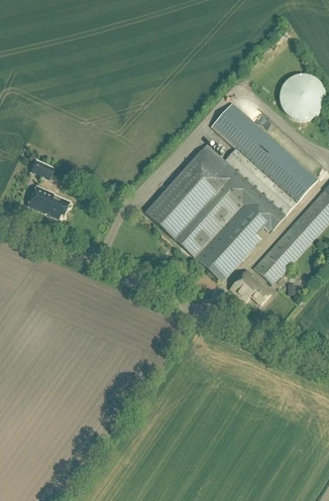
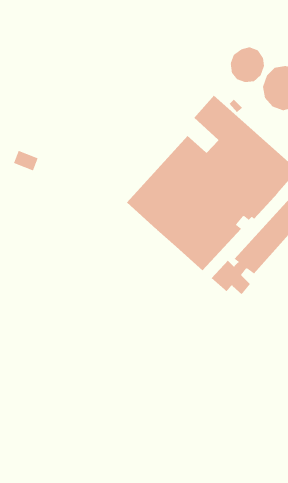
building: none -> [230,47,265,83]
building: [27,187,67,218] -> none

